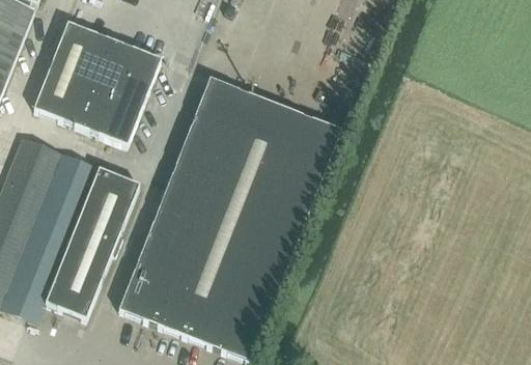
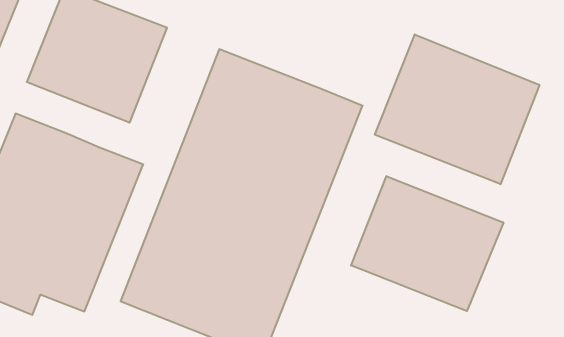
building: none -> [375,34,539,184]
building: none -> [351,176,503,311]

